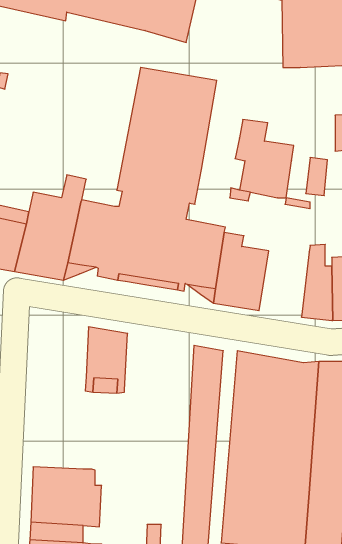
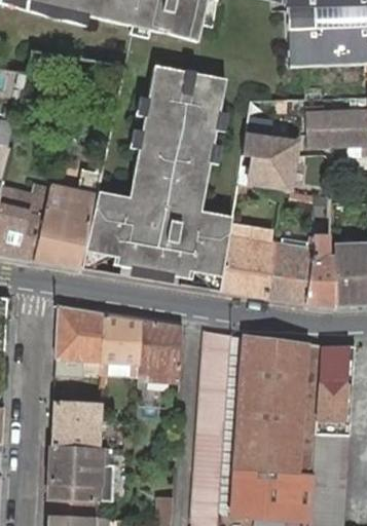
building: none -> [304,112,336,146]
building: none -> [264,235,311,303]
building: none -> [53,305,103,376]
building: none -> [137,318,181,382]
building: none -> [50,399,100,447]

